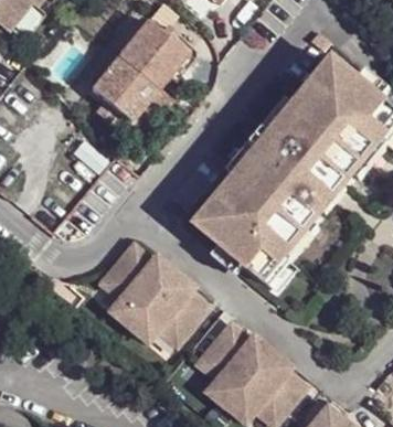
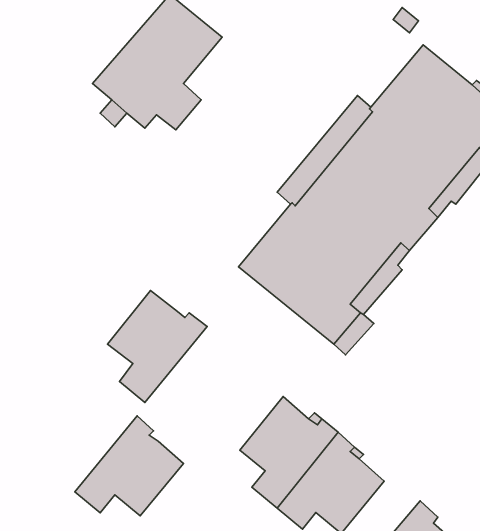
building: [127,267,208,341] -> [75,416,183,516]

